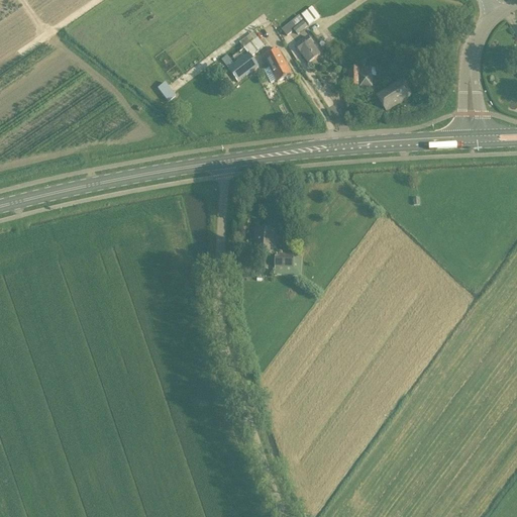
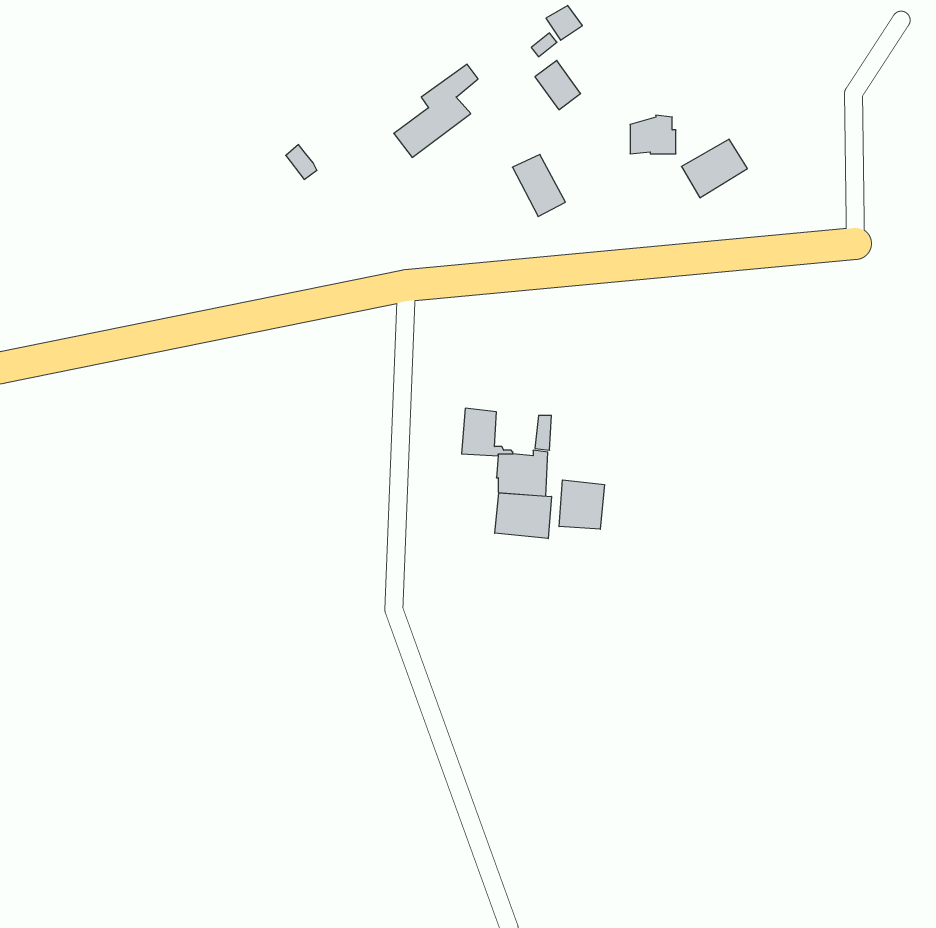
building: [263,45,292,80] -> [512,154,565,217]
building: none -> [559,480,604,529]
building: none -> [495,493,551,539]

